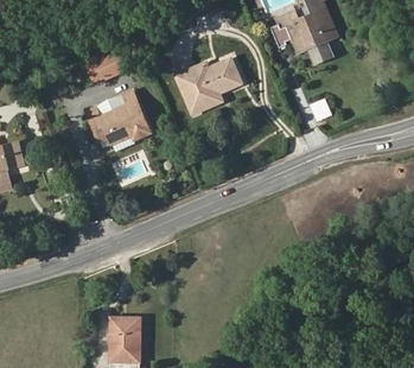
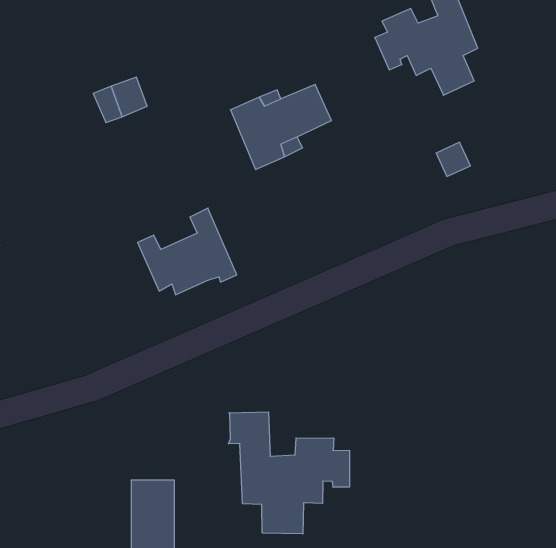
building: [87,88,152,145] -> [138,208,237,295]
building: none -> [228,412,349,534]

